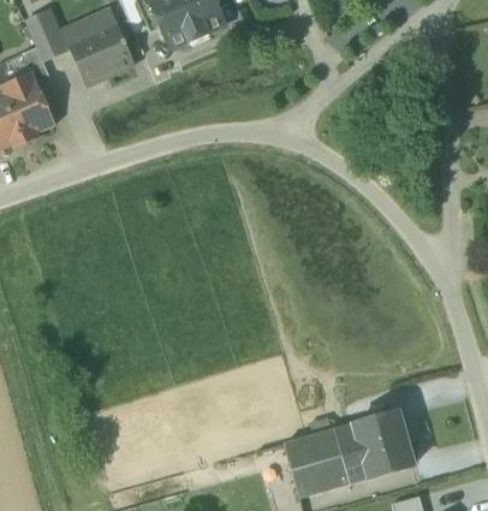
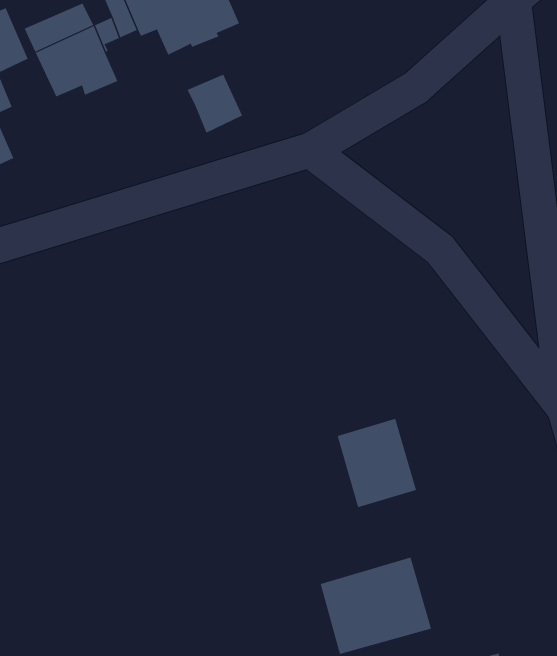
building: none -> [187,74,243,133]
building: [353,410,413,477] -> [337,418,417,508]

